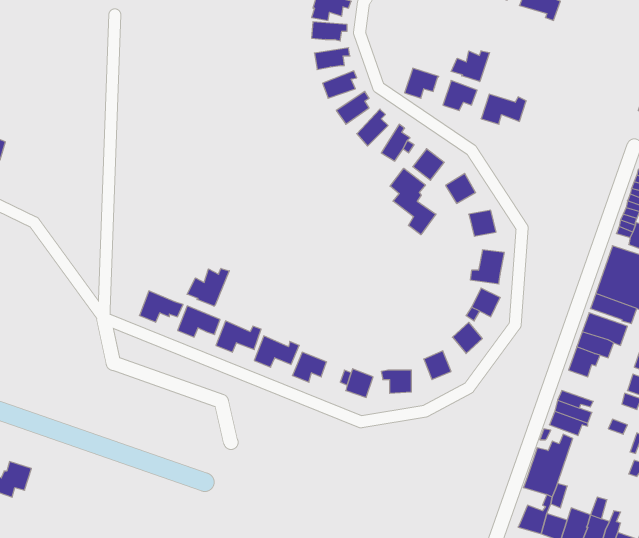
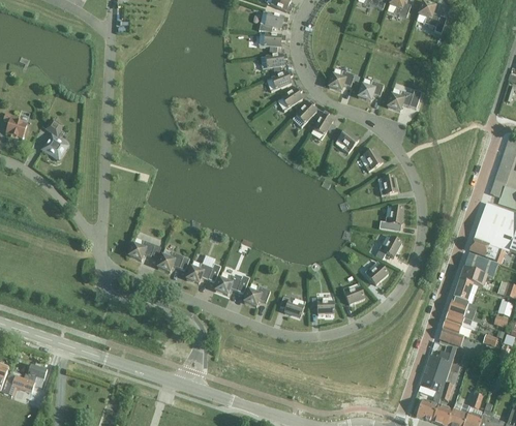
building: [451,51,490,82] -> none
building: none -> [43,119,66,157]
building: [390,168,436,235] -> none
building: [187,268,229,306] -> none
building: none -> [448,297,477,321]

